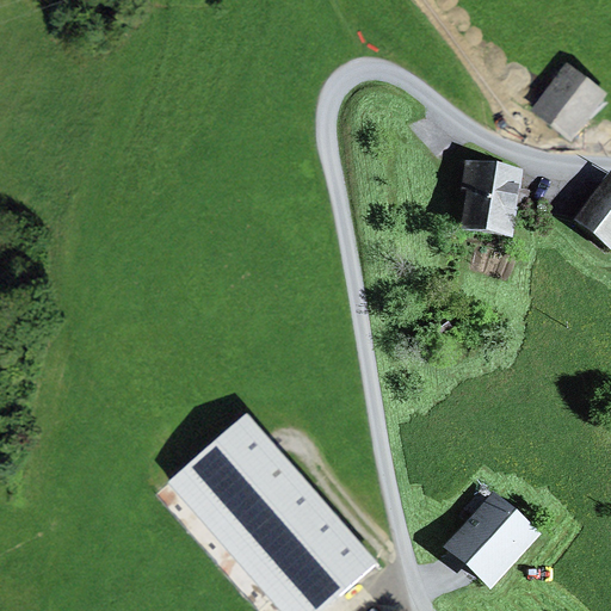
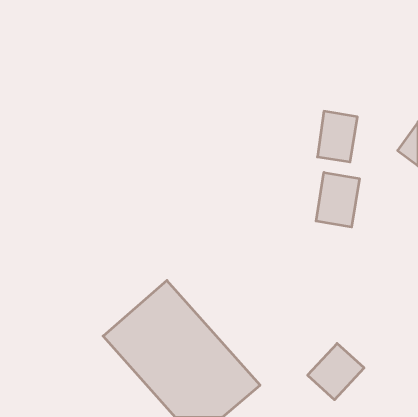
building: [538,66,603,131] -> none
building: none -> [316,172,359,227]

